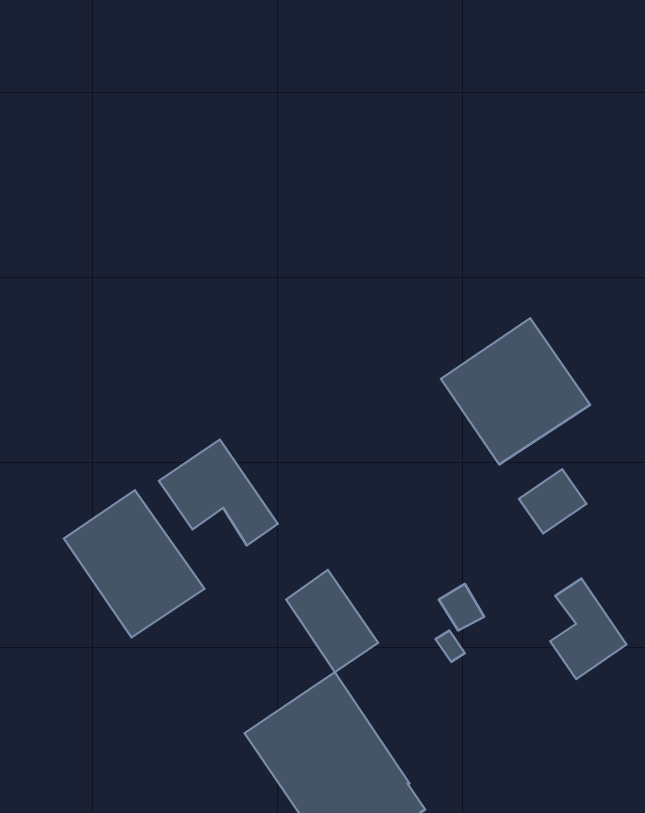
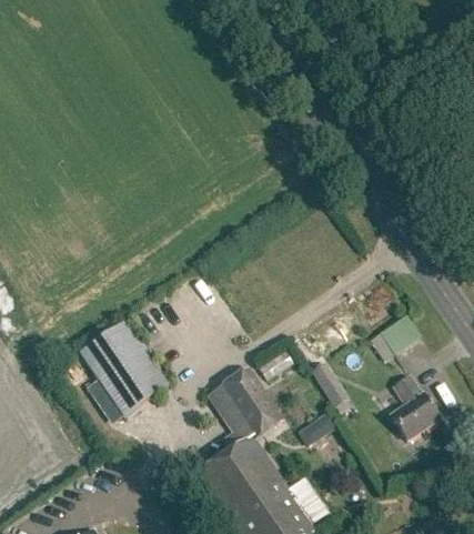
building: [441,318,590,464] -> none
building: [159,439,278,546] -> none

